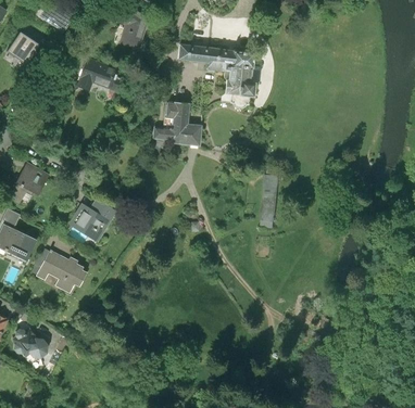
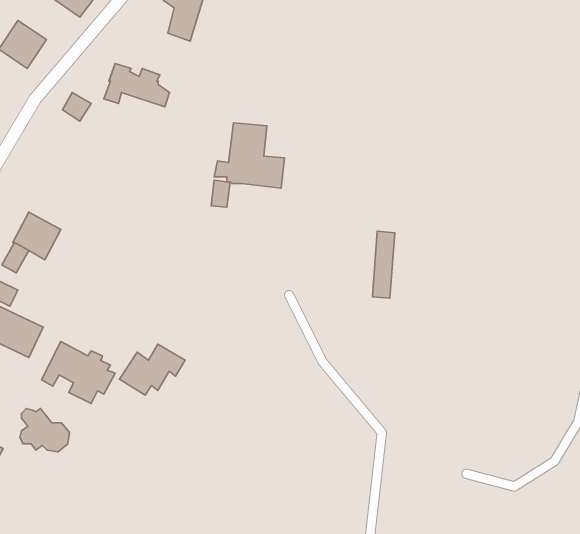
building: [178,44,254,95] -> none
building: [71,199,115,233] -> [120,344,185,395]
building: [16,330,50,359] -> [20,409,69,452]

